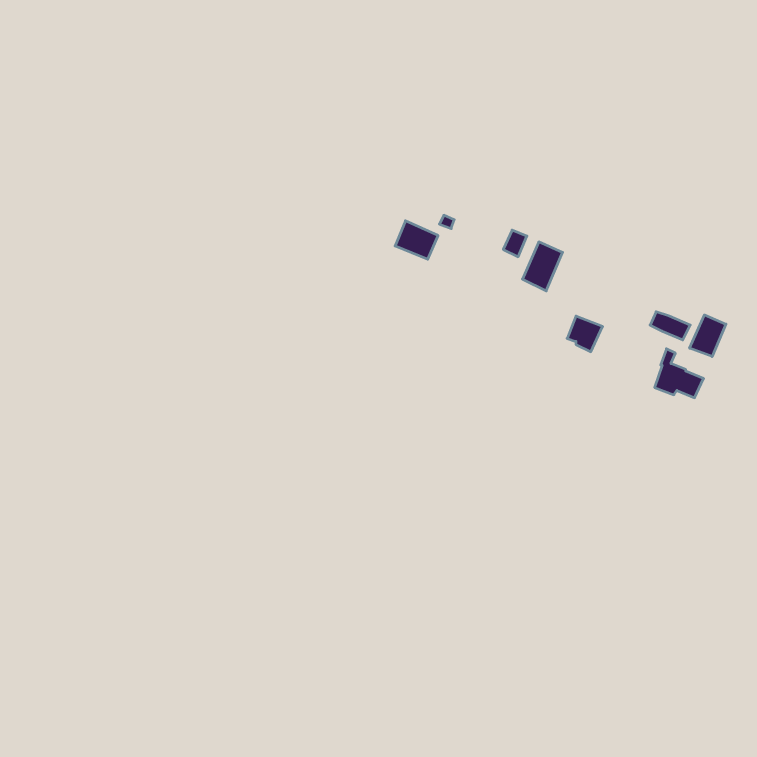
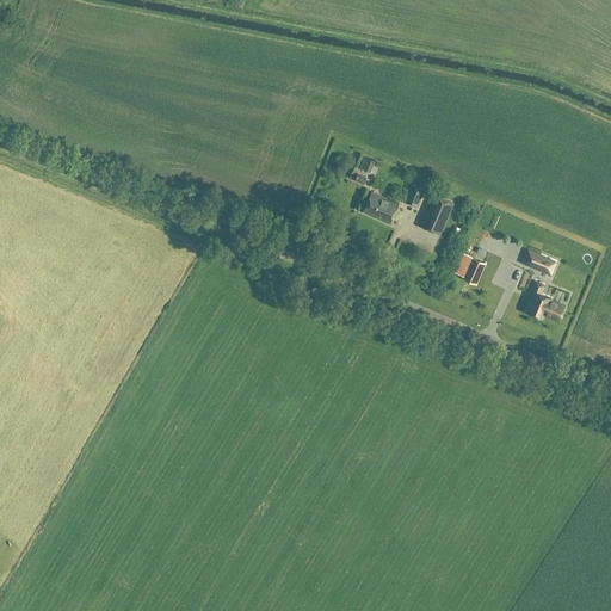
building: [395,221,438,259] -> [363,191,397,222]
building: [690,315,726,357] -> none

